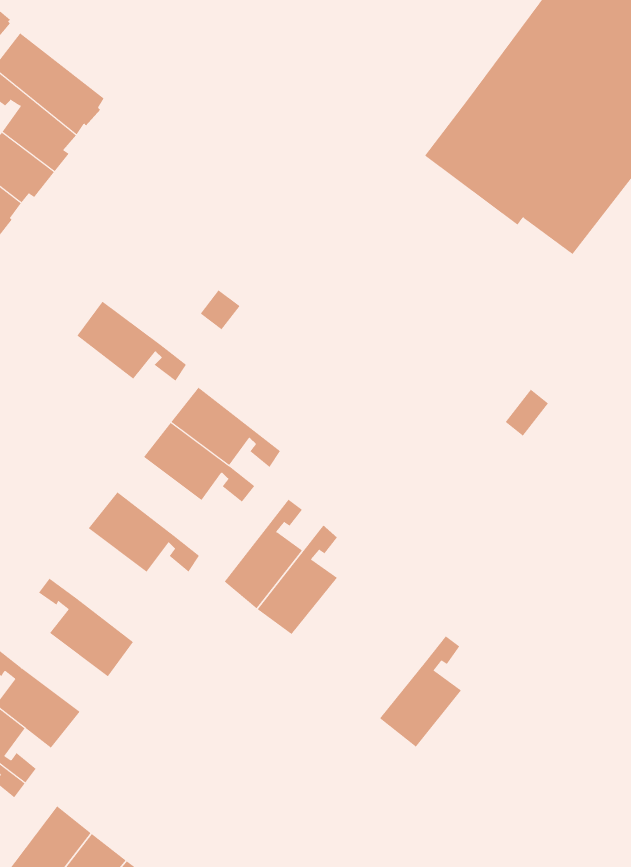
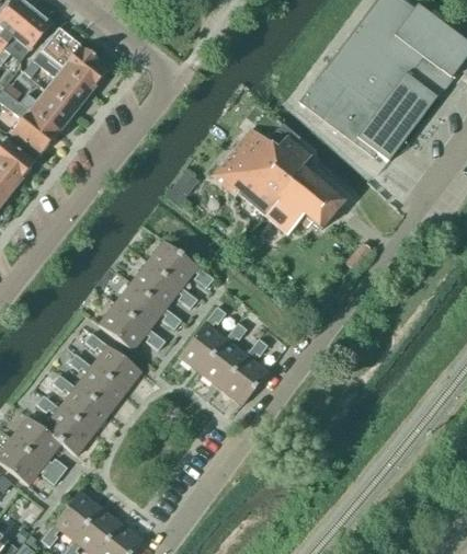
building: none -> [212,128,342,234]
building: [77,301,187,381] -> [115,281,181,330]
building: none -> [84,333,141,392]
building: none -> [52,374,110,434]
building: [379,635,462,747] -> [219,338,269,405]

